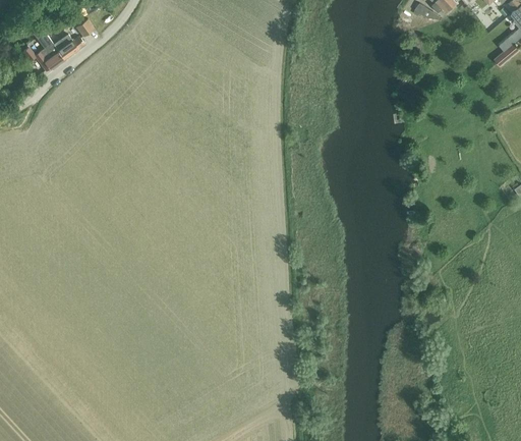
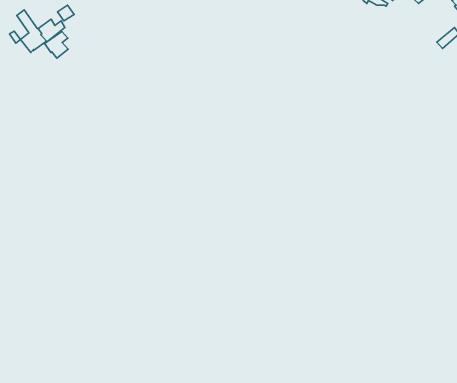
building: none -> [44,31,68,58]

